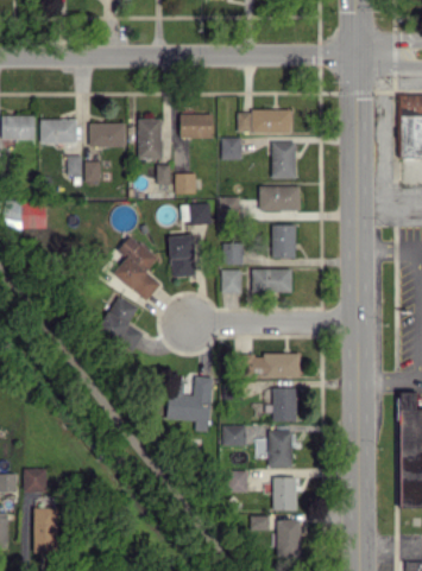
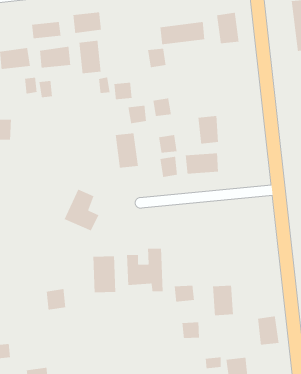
building: none -> [31,21,62,39]
building: [179,114,213,138] -> [73,12,102,34]
building: [271,141,296,178] -> [216,12,240,44]
building: [259,186,301,210] -> none
building: [113,235,162,300] -> none
building: [241,353,301,376] -> none
building: none -> [93,255,116,293]
building: [272,387,296,421] -> none
building: [24,468,46,493] -> [46,288,66,311]
building: [273,476,297,510] -> [257,315,280,345]

